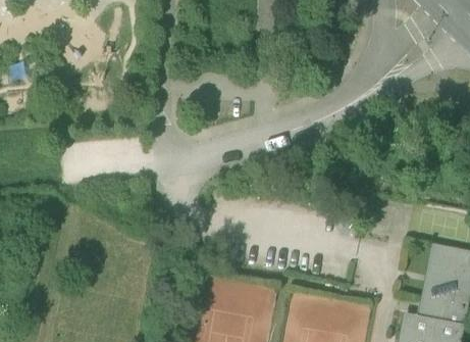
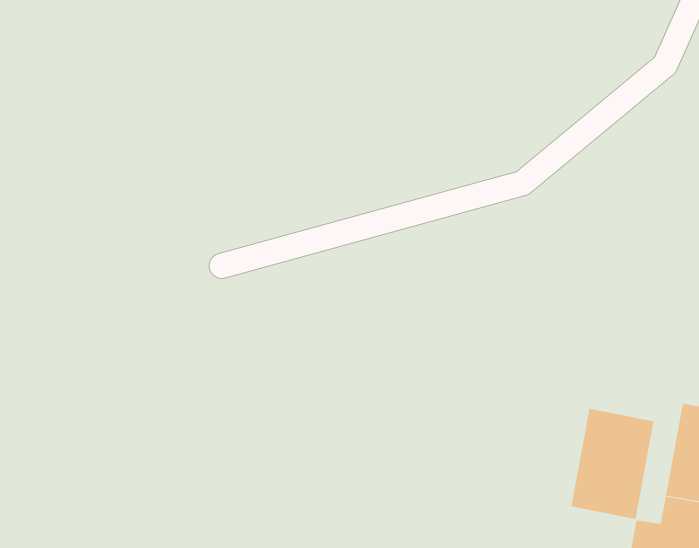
building: none -> [571,408,654,520]

